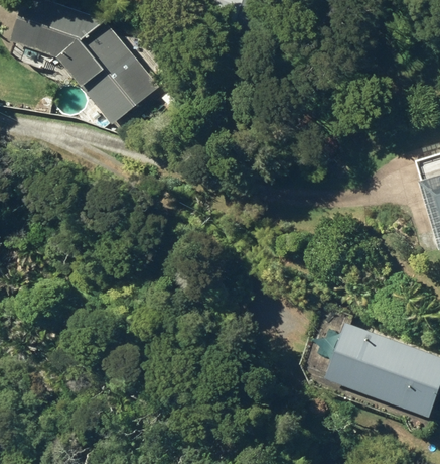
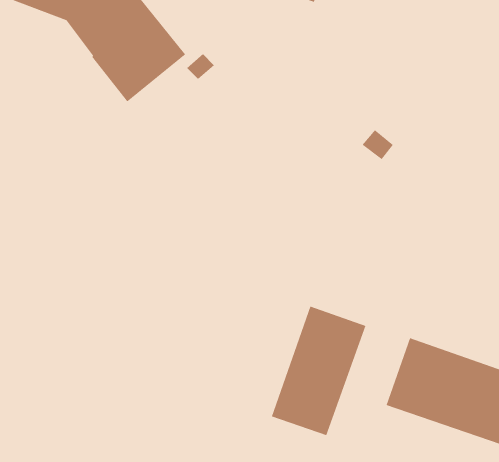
building: none -> [271,306,367,436]

